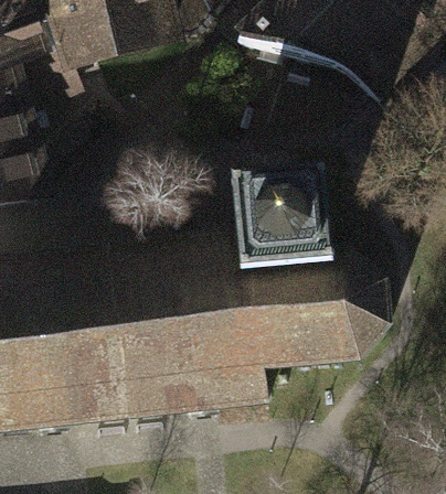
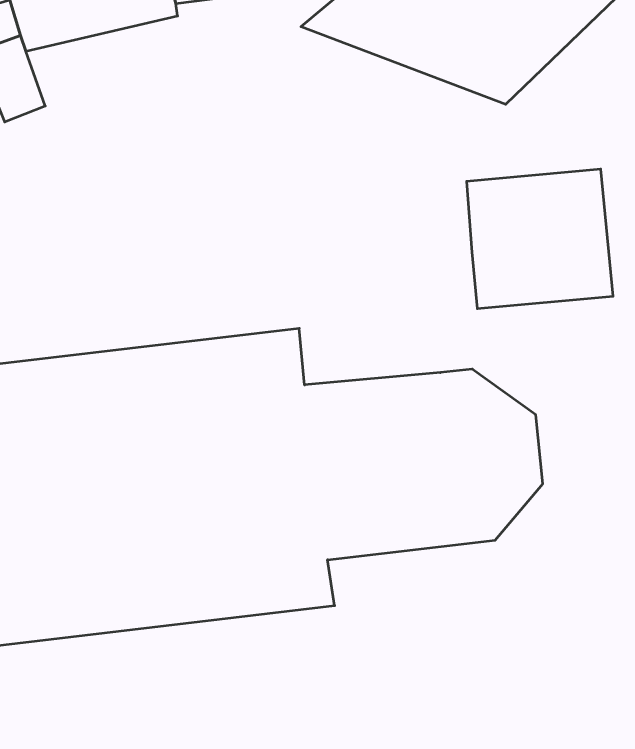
building: [225,176,317,264] -> [467,169,613,309]

